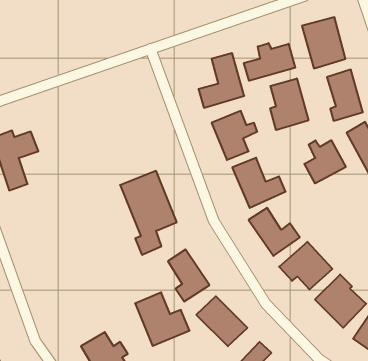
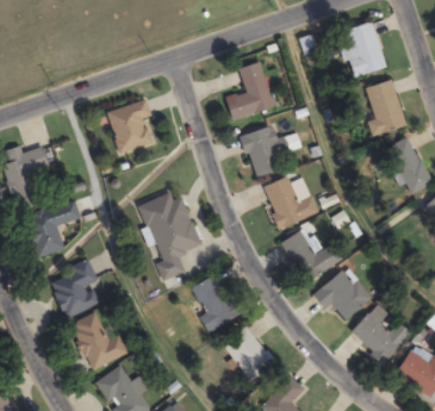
building: [244,43,295,81] -> none
building: [270,78,308,130] -> none
building: none -> [106,99,153,154]
building: [304,140,346,183] -> none
building: none -> [21,201,81,259]
building: none -> [49,262,99,319]
building: [135,292,190,346] -> [72,312,131,370]

